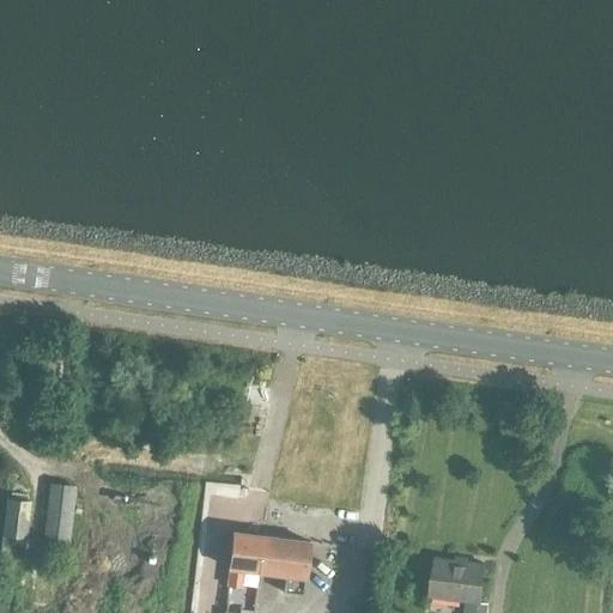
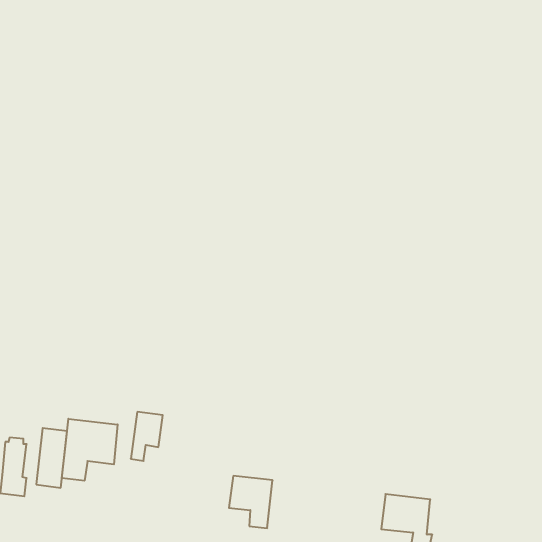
building: none -> [62,419,118,481]
building: [226,534,262,589] -> [131,412,163,461]

